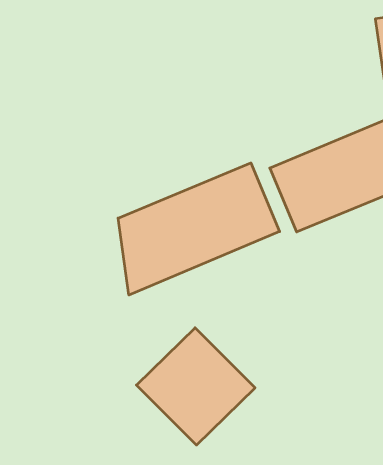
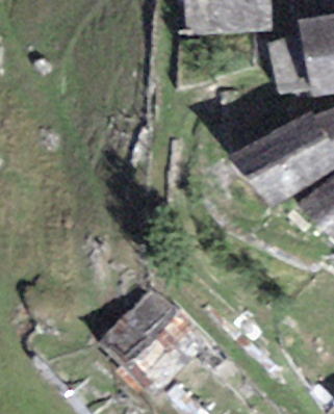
building: [118,163,280,295] -> none

